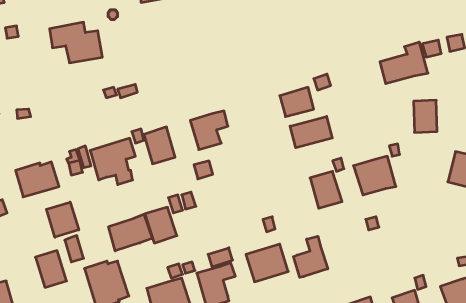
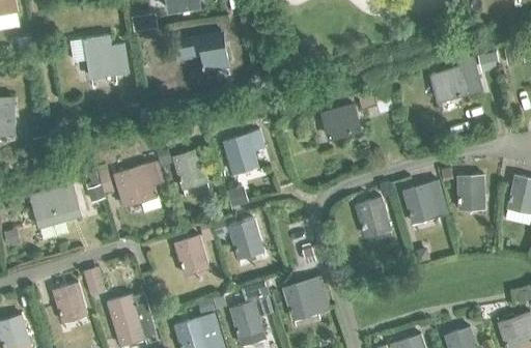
building: none -> [199,34,226,68]
building: [414,100,437,132] -> [457,175,483,210]
building: [290,116,332,148] -> none
building: none -> [228,219,263,259]
building: [46,202,79,237] -> none
building: [109,214,152,251] -> none
building: [293,236,328,277] -> none

